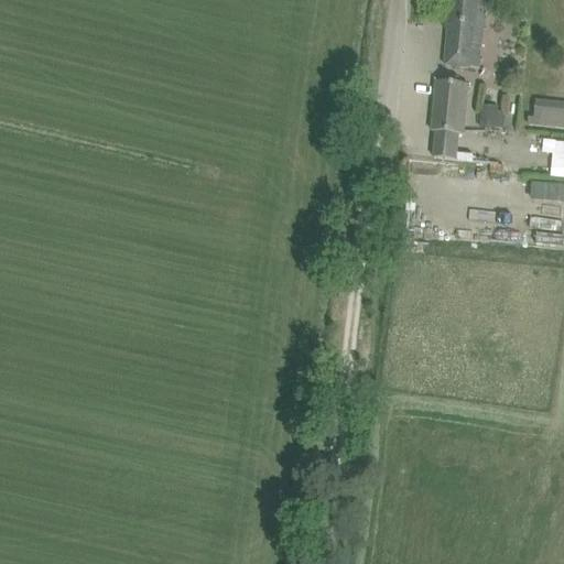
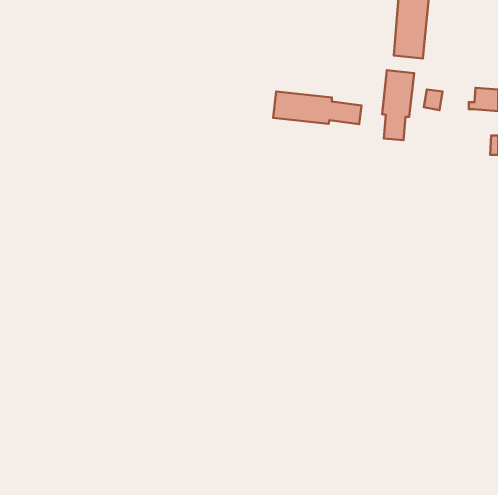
building: none -> [273,91,361,124]

